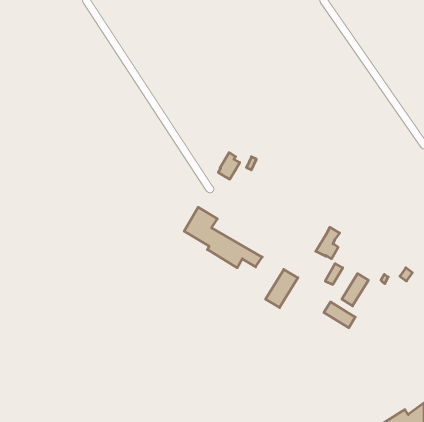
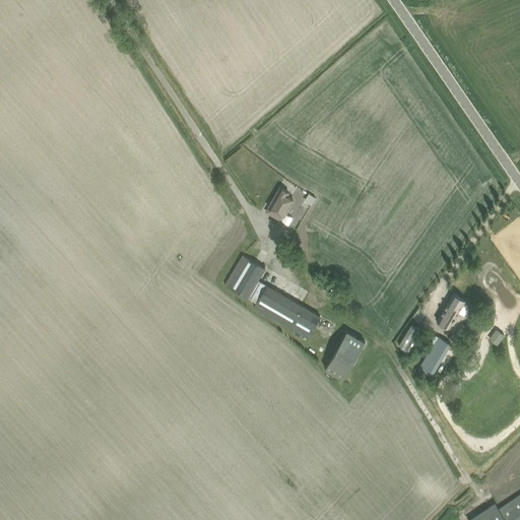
building: [316,227,340,259] -> [437,294,466,332]
building: [324,302,355,328] -> none

